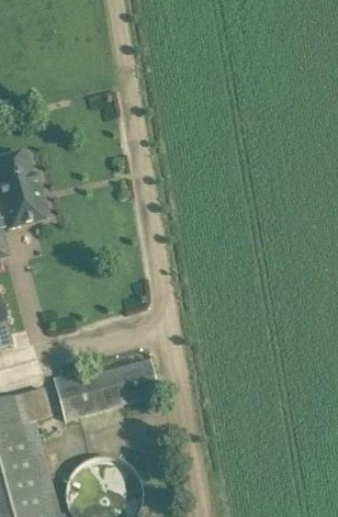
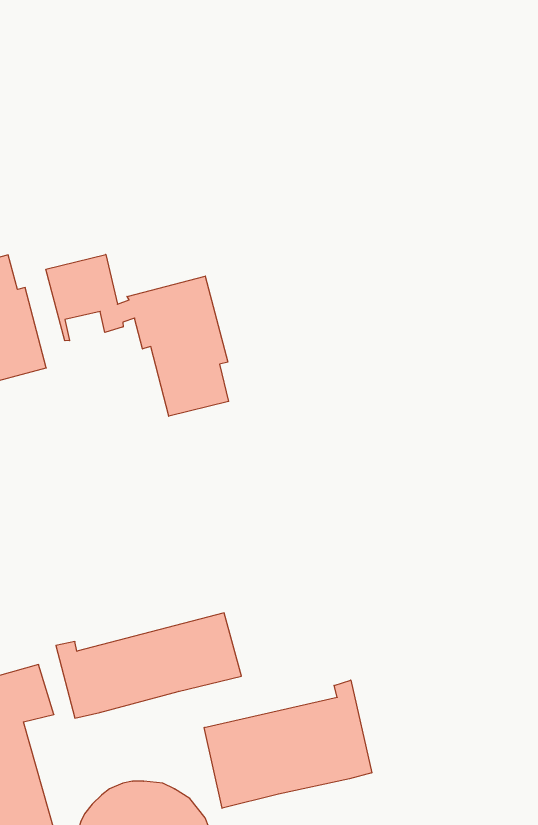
building: none -> [46,254,229,416]
building: none -> [204,680,372,808]

